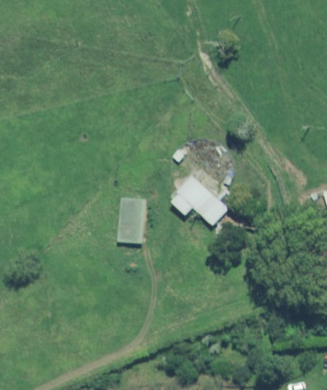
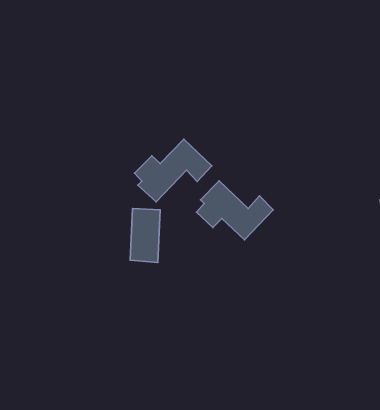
building: none -> [135,139,212,202]

